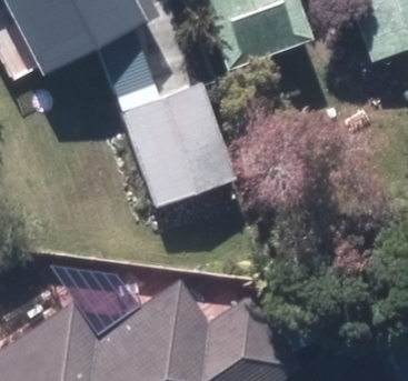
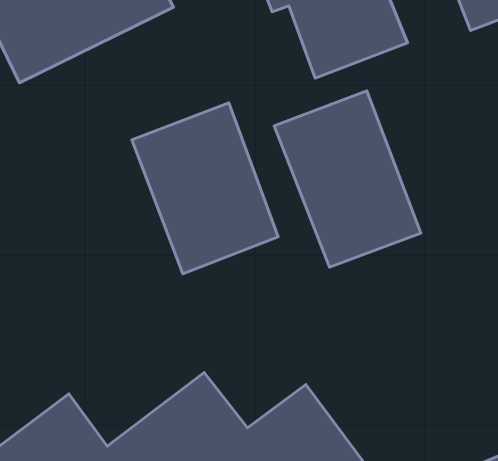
building: none -> [274,91,421,267]

